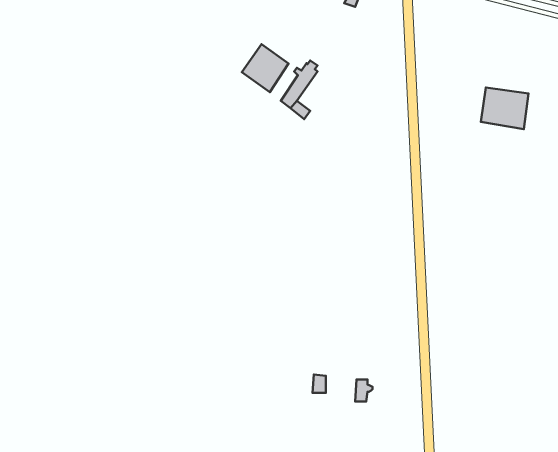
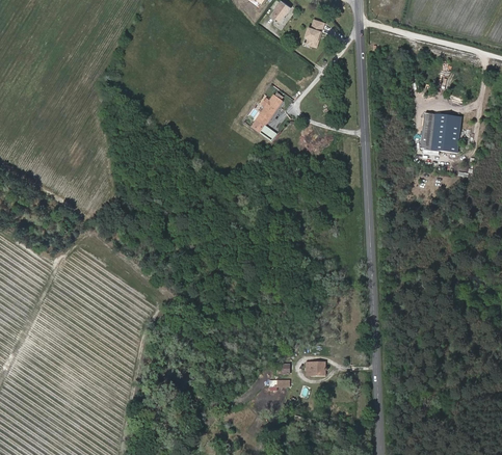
building: [242,44,289,92] -> none

